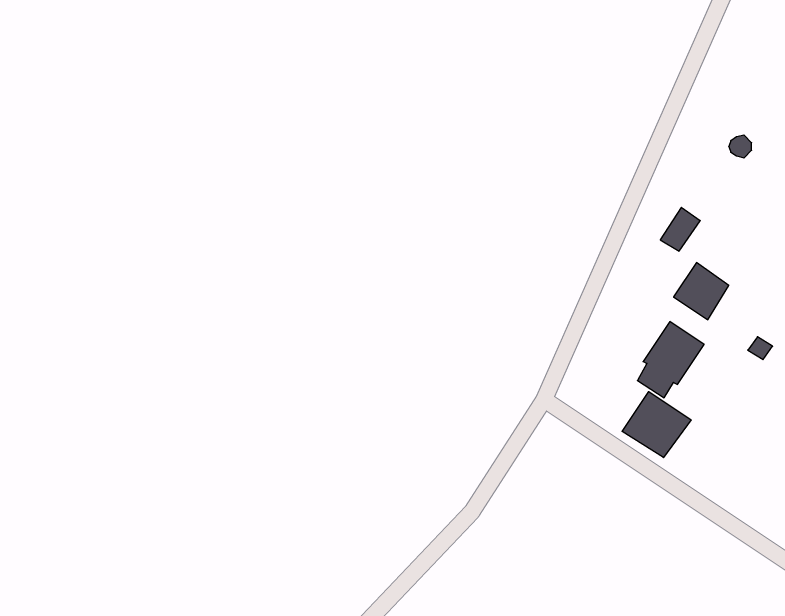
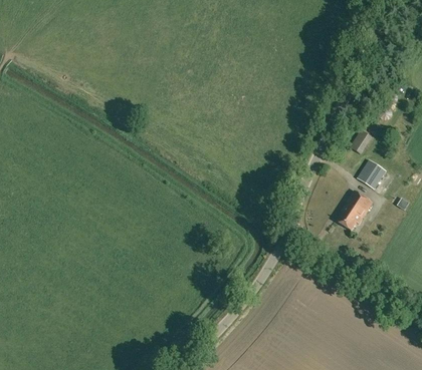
building: [622,392,691,458] -> none

